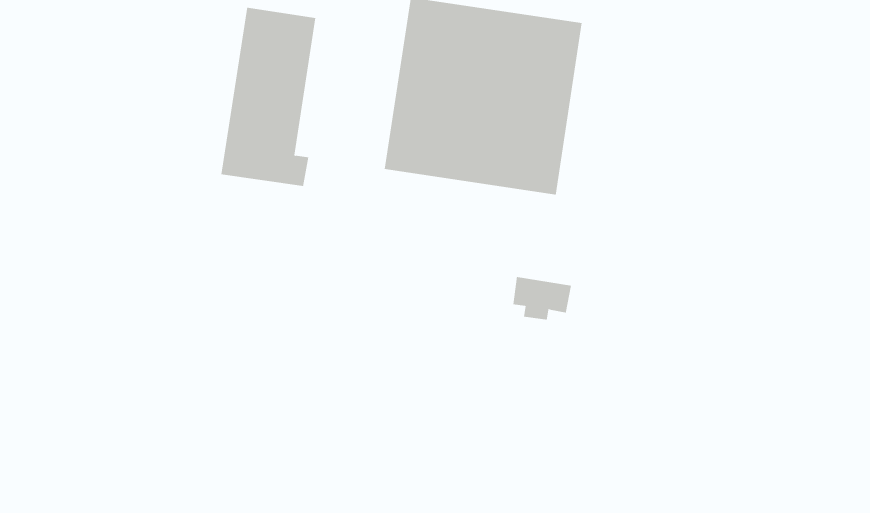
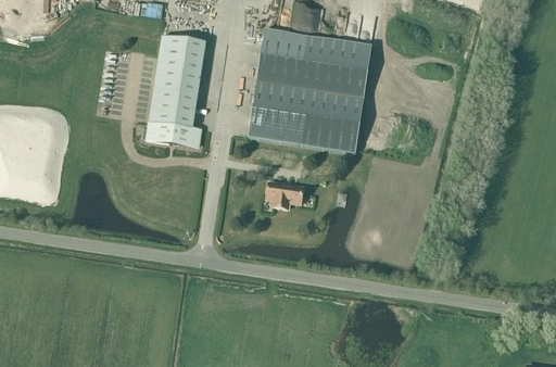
building: [513,277,572,320] -> [266,180,303,207]

